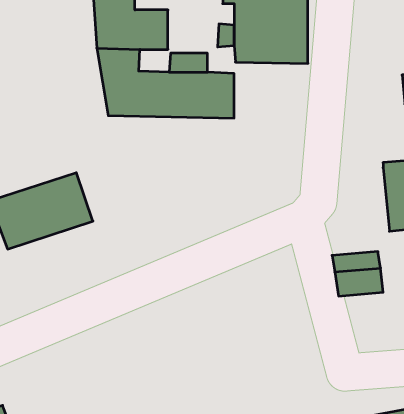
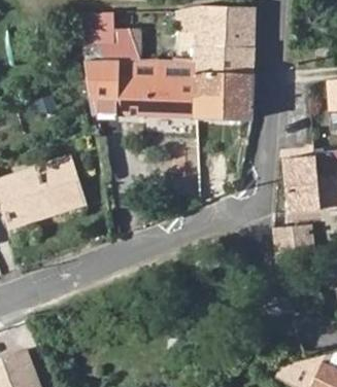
building: none -> [195,72,255,118]
building: none -> [283,157,321,212]

